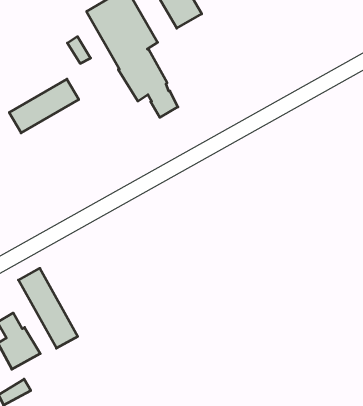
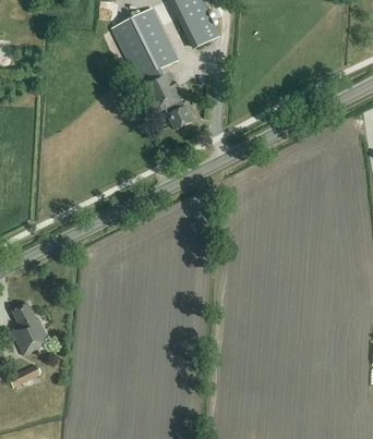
building: [9,79,79,133] -> none
building: [18,268,78,348] -> none

